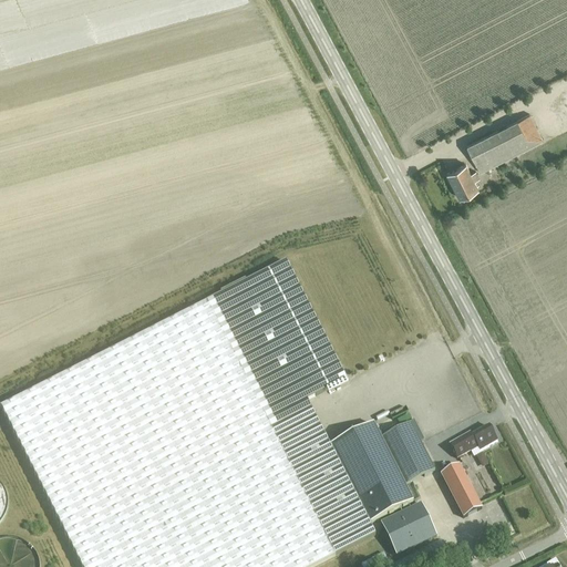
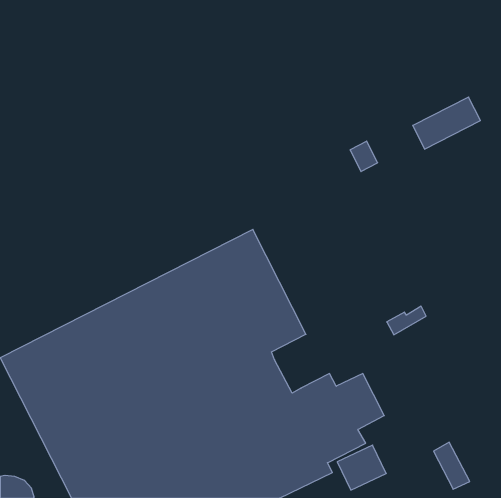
building: [446,161,477,195] -> [350,141,378,172]
building: [450,424,494,456] -> [387,306,426,335]
building: [441,463,482,516] -> [434,442,470,489]

